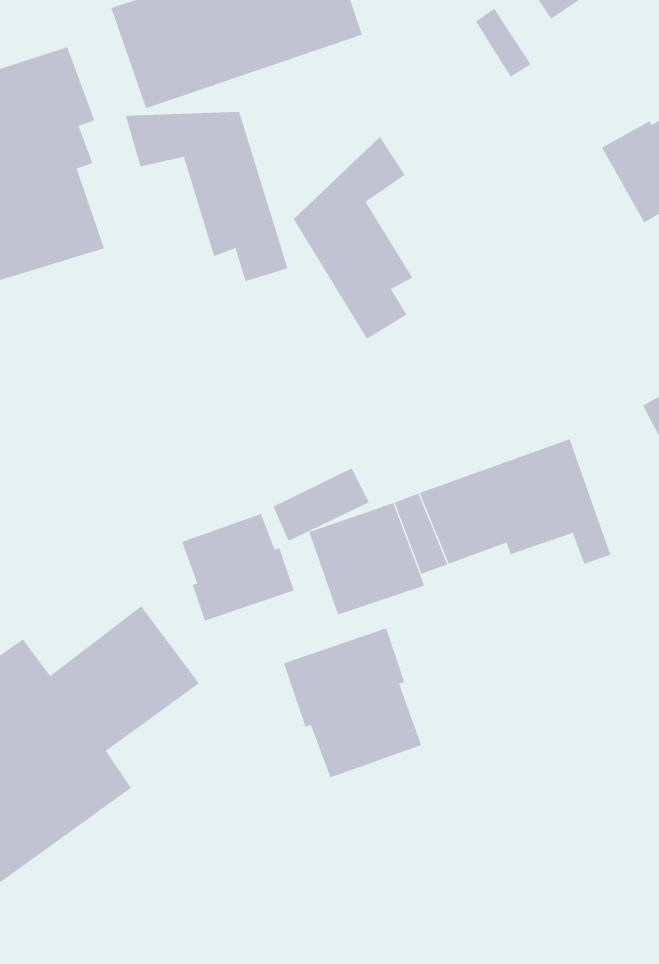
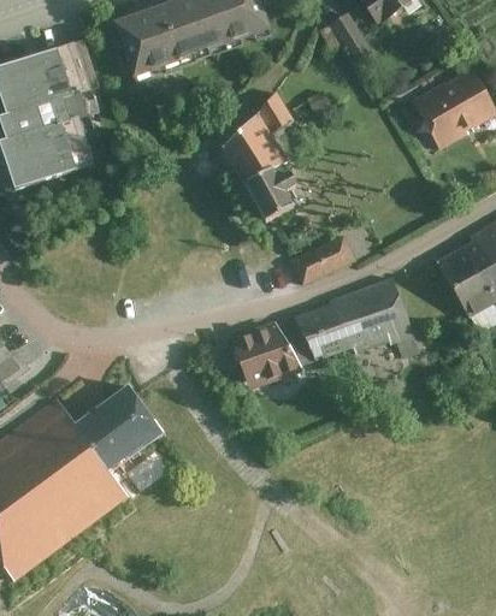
building: [125,111,288,282] -> none
building: [273,468,370,541] -> [293,237,353,283]
building: [181,513,295,622] -> none
building: [283,628,422,778] -> none

